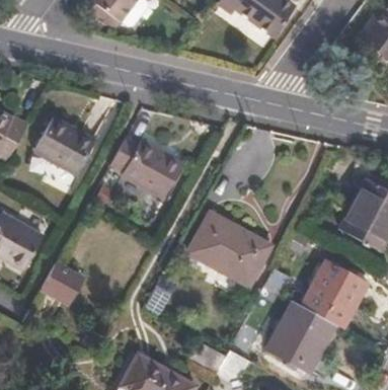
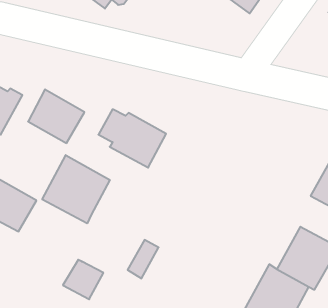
building: none -> [42,155,110,223]
building: [186,212,269,287] -> none
building: [38,263,82,306] -> [63,260,103,299]

